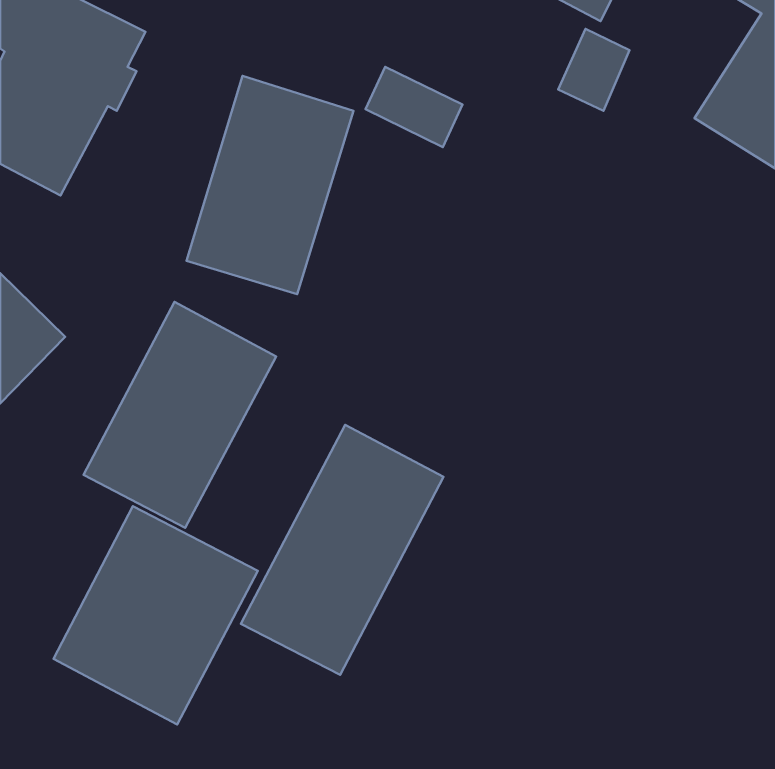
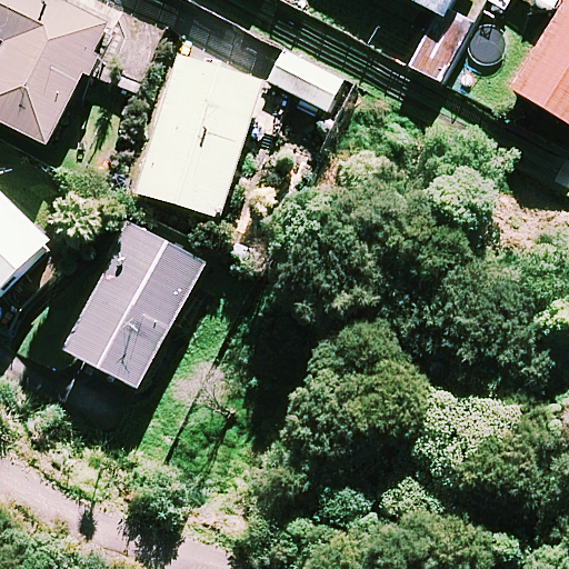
building: [241,425,443,675] -> none
building: [53,506,258,724] -> none

